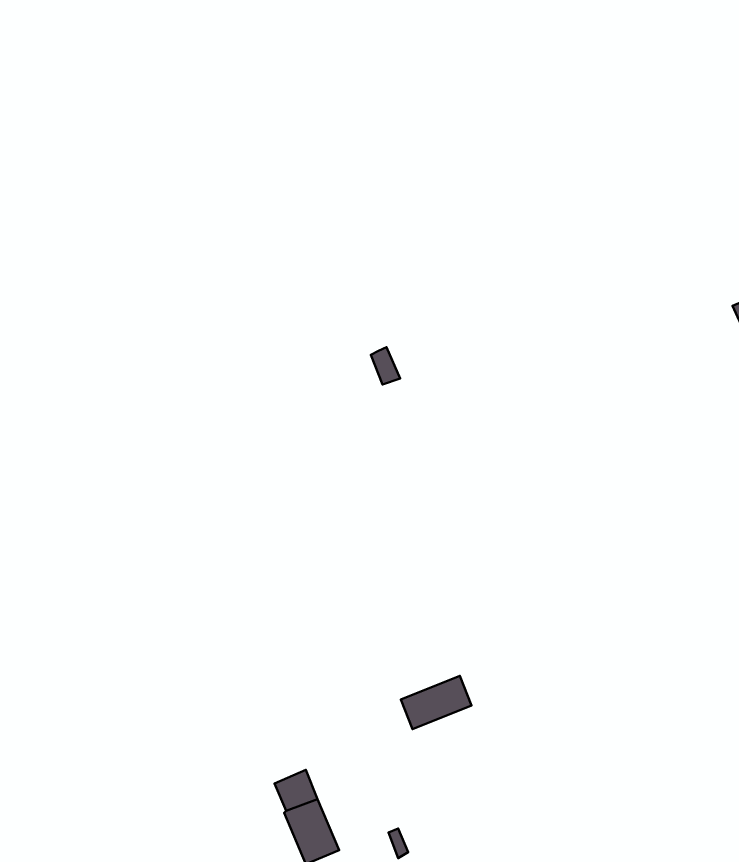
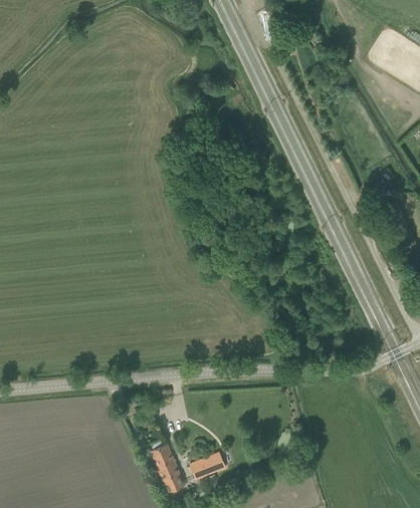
building: [401,676,472,729] -> [190,453,226,480]

